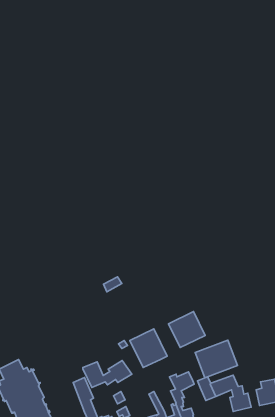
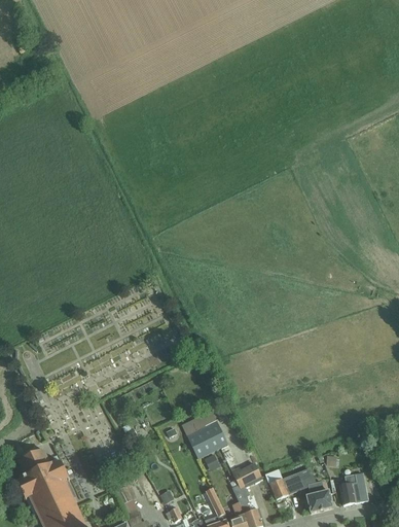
building: [169,312,205,348] -> none
building: [195,340,237,378] -> none
building: [83,361,132,388] -> none

